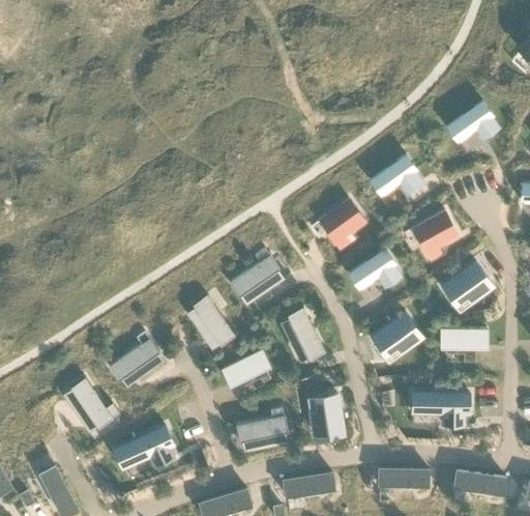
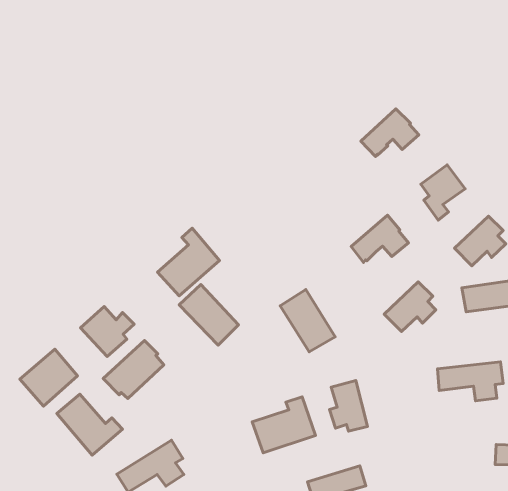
building: [445,104,498,144] -> none
building: [323,201,363,251] -> none
building: [232,246,289,305] -> [157,228,220,296]
building: none -> [81,307,134,357]
building: none -> [20,349,77,406]
building: [224,346,274,385] -> none
building: [376,468,429,487] -> none

